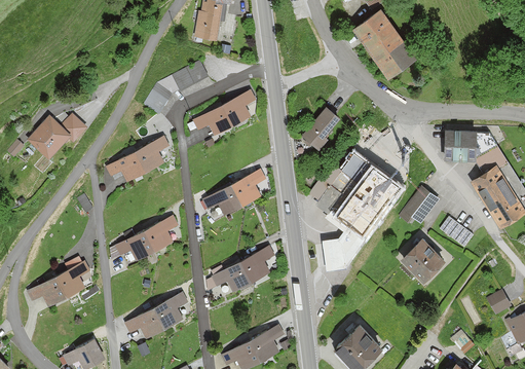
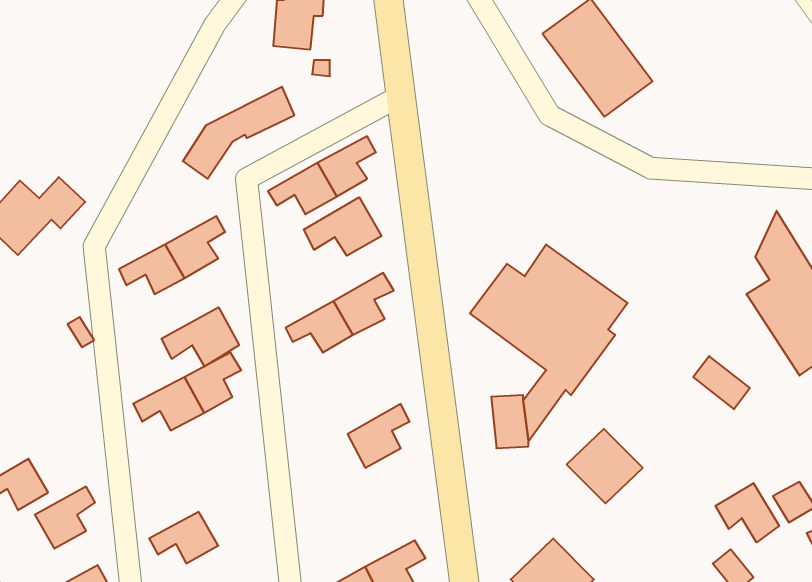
building: [302,107,340,151] -> none
building: none -> [304,197,381,256]
building: [445,130,488,159] -> none
building: [400,186,440,224] -> none
building: none -> [161,307,239,367]
building: [401,237,445,281] -> [567,429,643,503]
building: [54,260,89,296] -> [35,487,95,549]
building: [203,262,250,291] -> none
building: none -> [715,483,779,542]
building: [153,291,188,327] -> none

